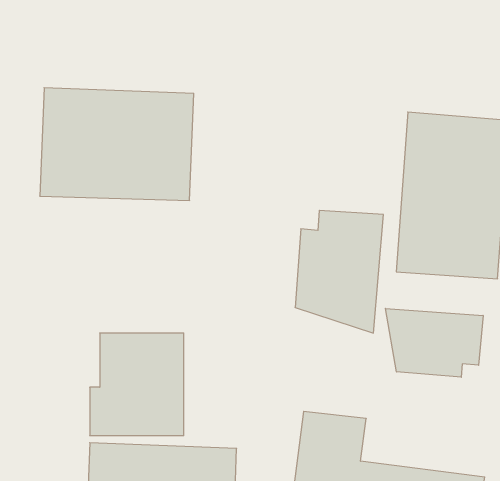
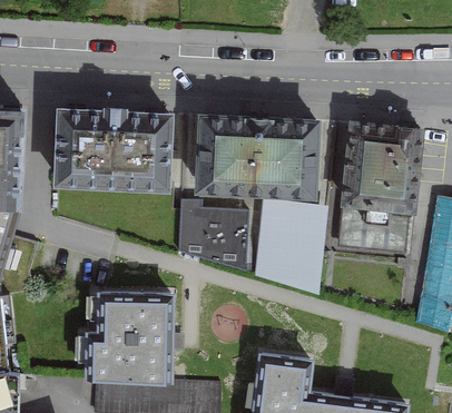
building: none -> [200,111,317,195]
building: none -> [176,199,246,273]
building: [385,308,483,377] -> none

